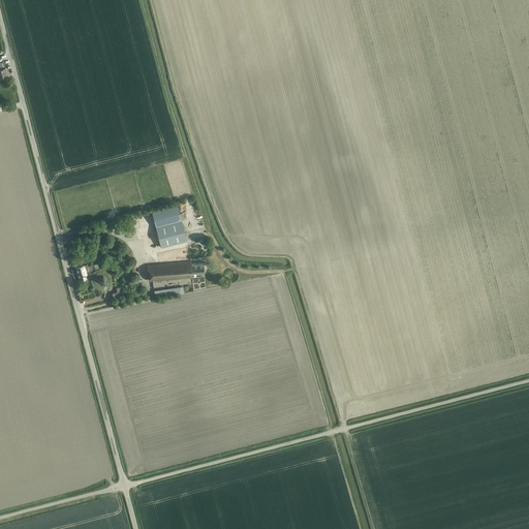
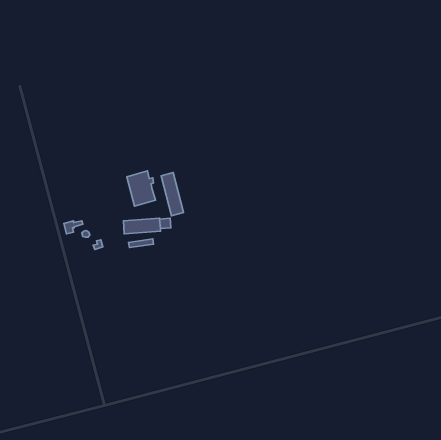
building: none -> [161,173,184,216]

